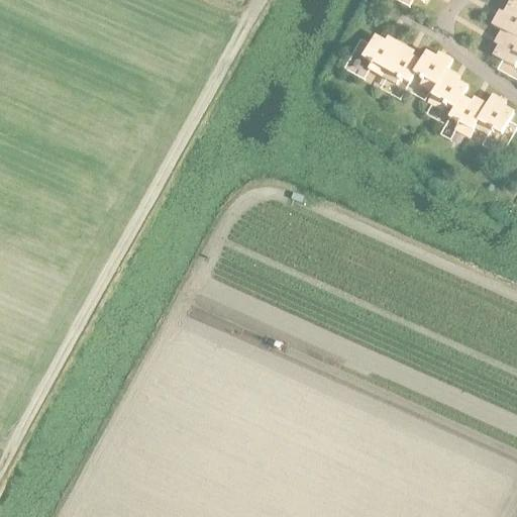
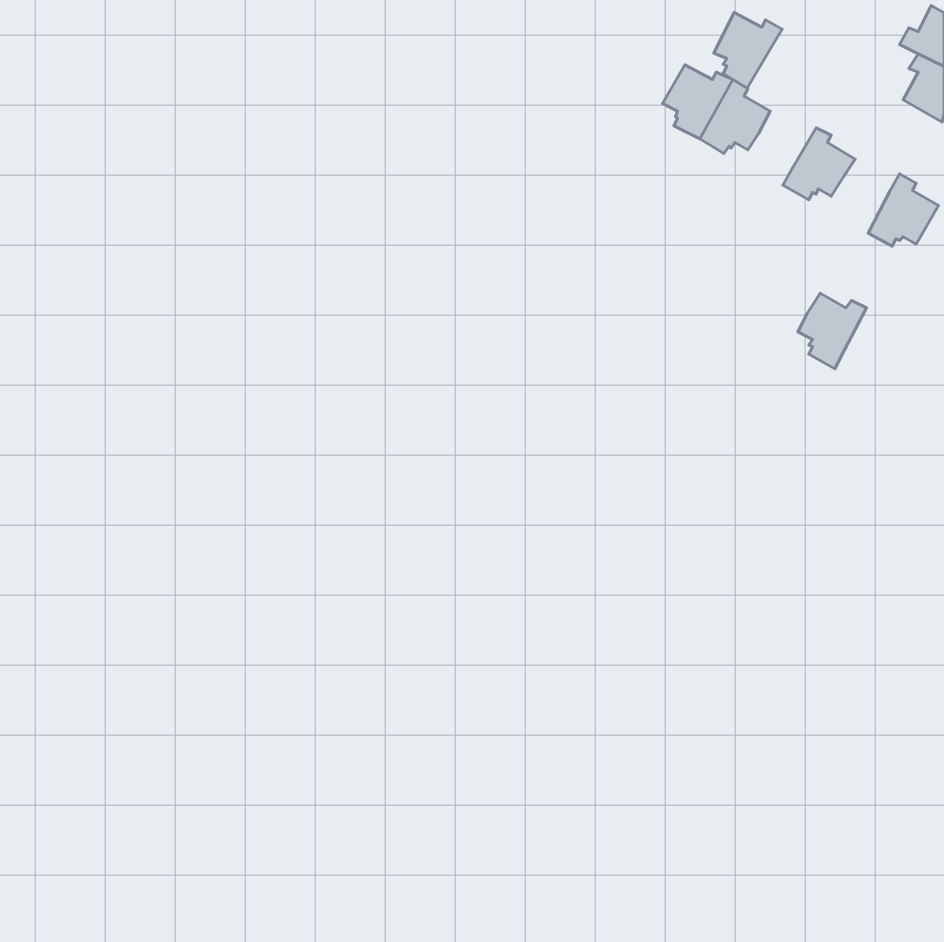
building: [414,50,451,92] -> [714,12,782,88]
building: [448,96,486,137] -> [798,293,866,369]

